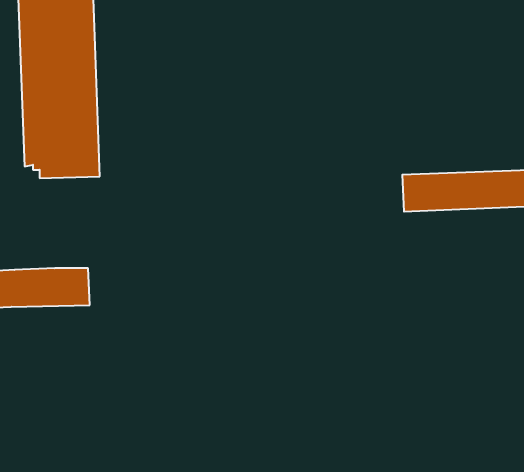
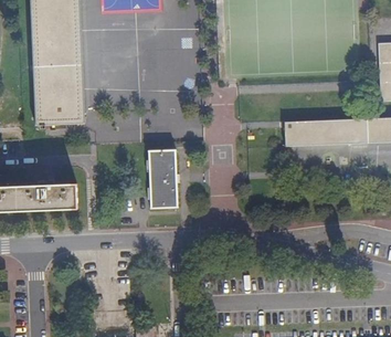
building: none -> [148,150,176,208]

